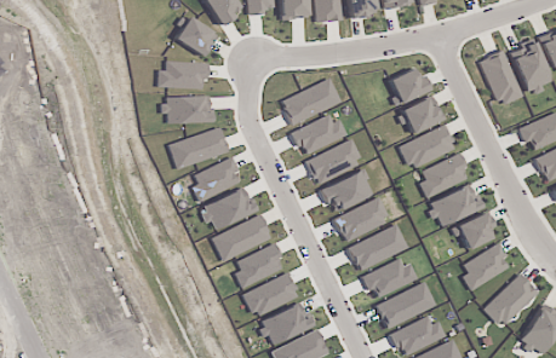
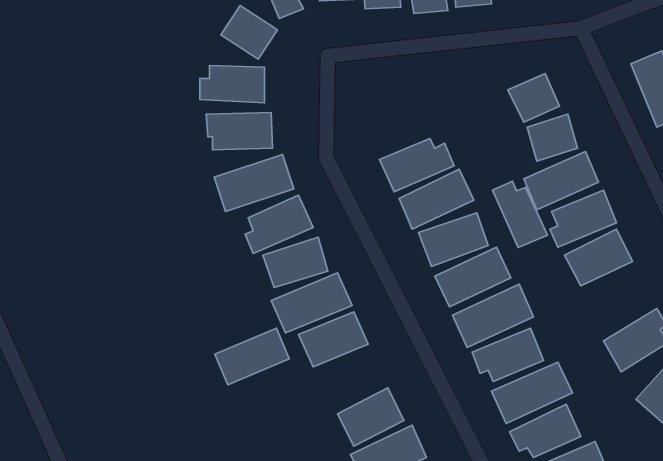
building: [280,79,340,123] -> none
building: none -> [493,181,547,248]
building: [454,212,495,250] -> none
building: [241,273,297,316] -> [215,328,289,385]

